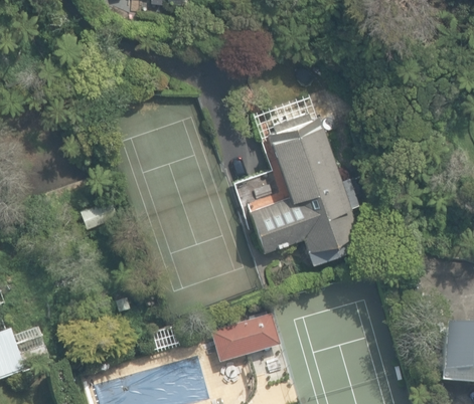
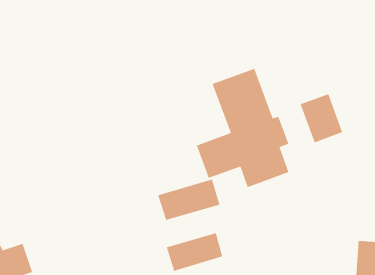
building: none -> [300,93,343,144]
building: none -> [157,178,220,221]

